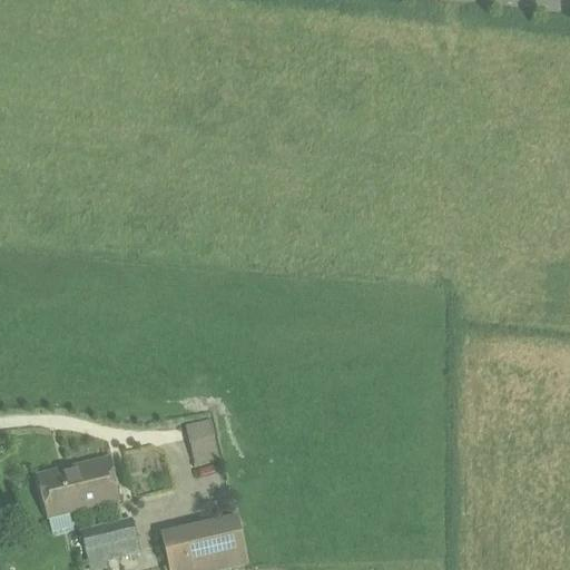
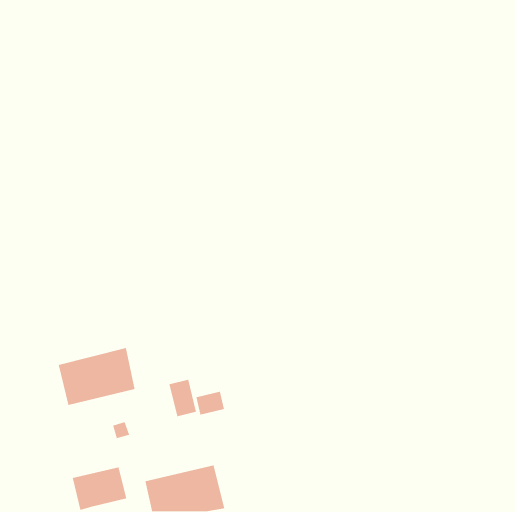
building: none -> [196,391,225,415]
building: [35,452,120,517] -> [58,347,136,406]

